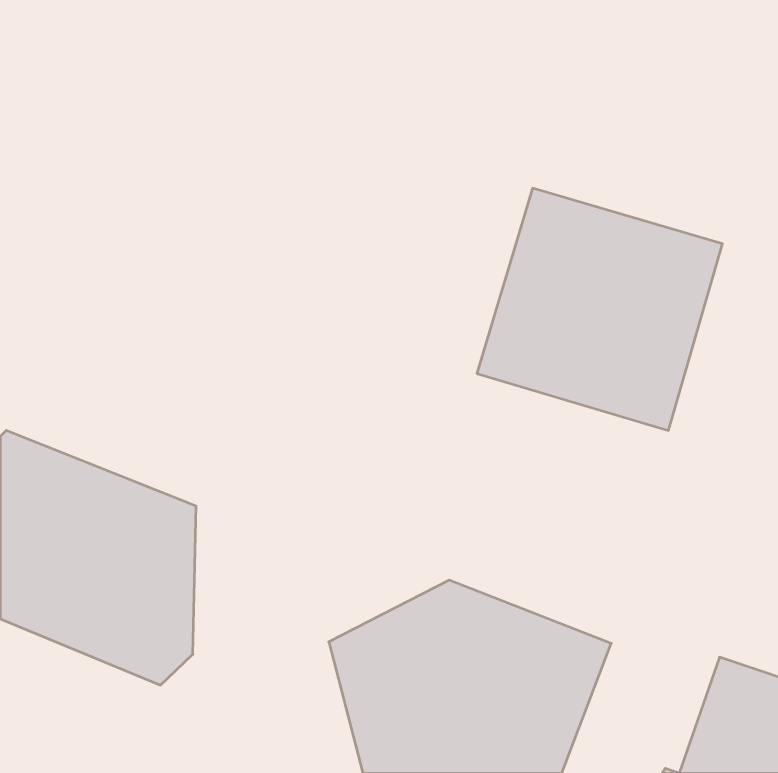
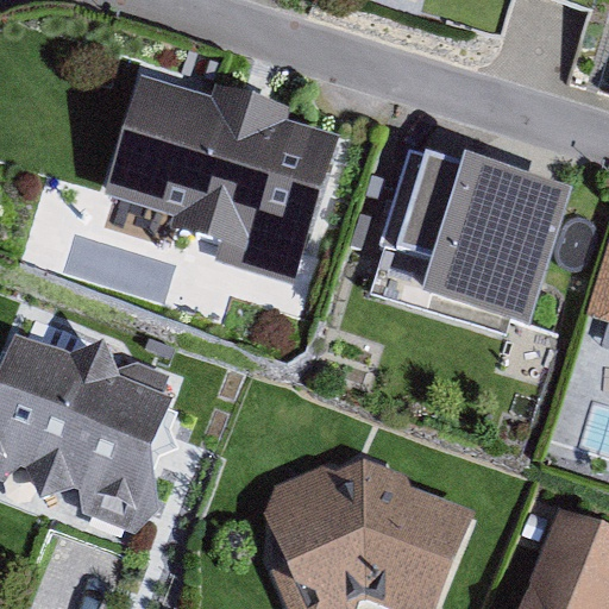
building: none -> [105,80,332,263]

